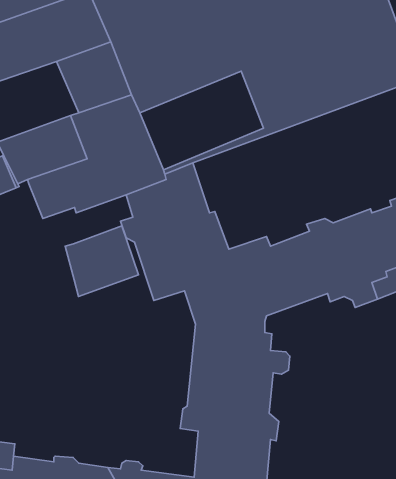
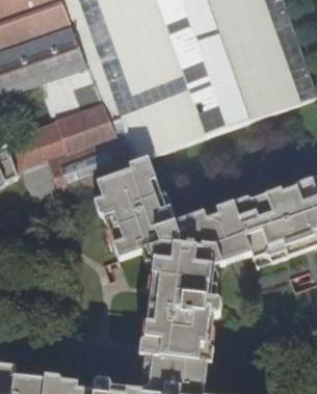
building: none -> [108,86,201,160]
building: [65,226,139,297] -> none

